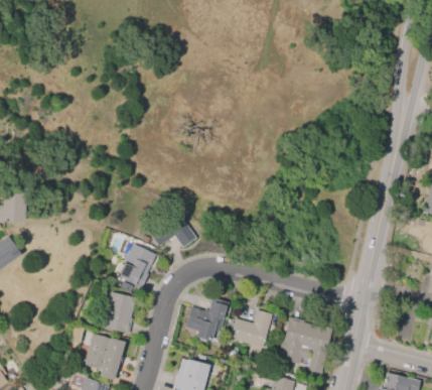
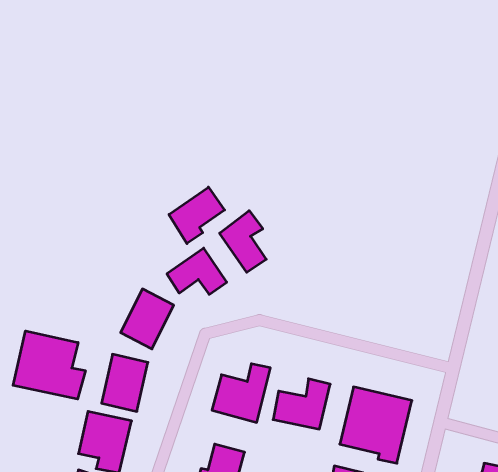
building: none -> [169,187,225,244]
building: none -> [220,211,266,272]
building: none -> [13,331,85,399]

